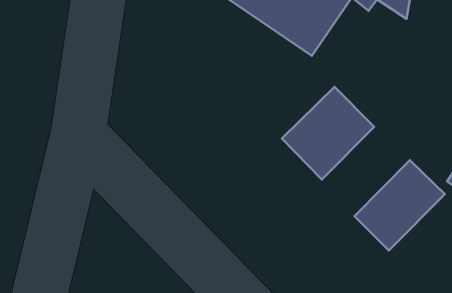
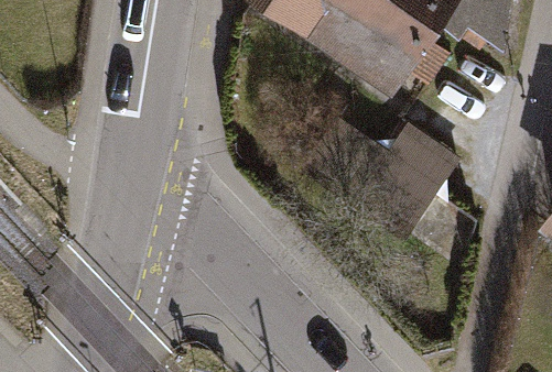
building: [355,160,445,250] -> none

